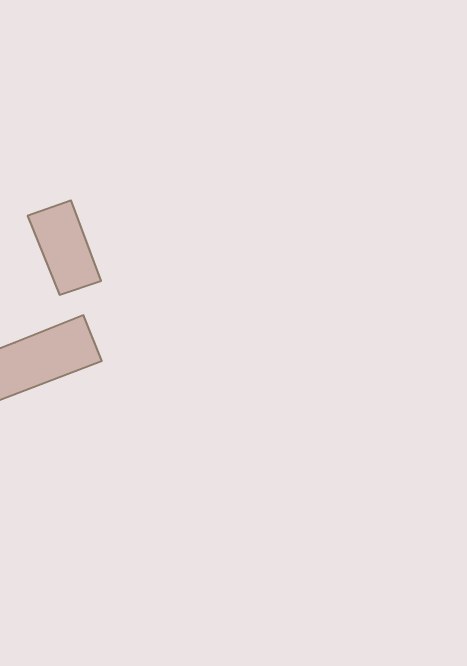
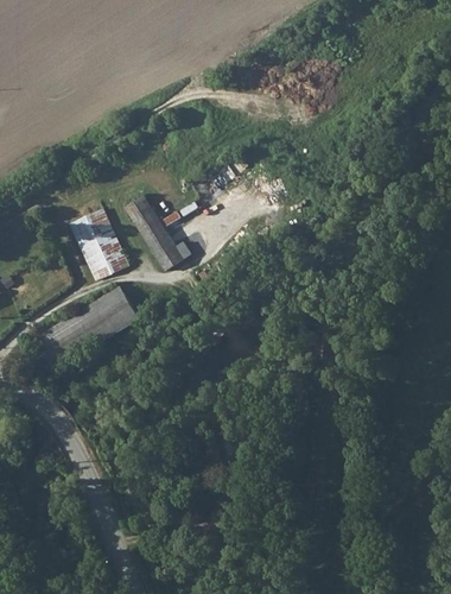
building: none -> [122,195,183,267]

